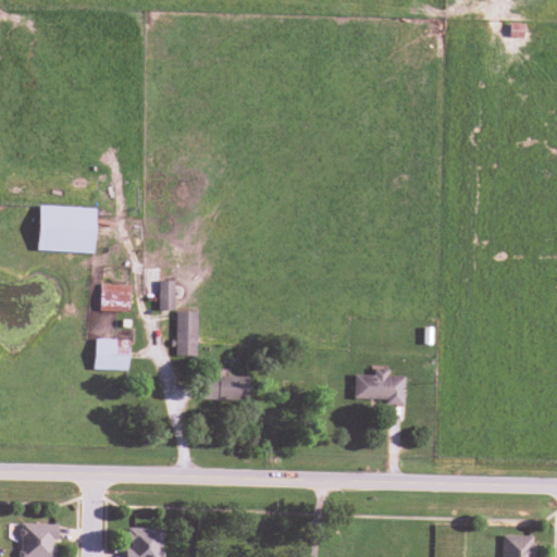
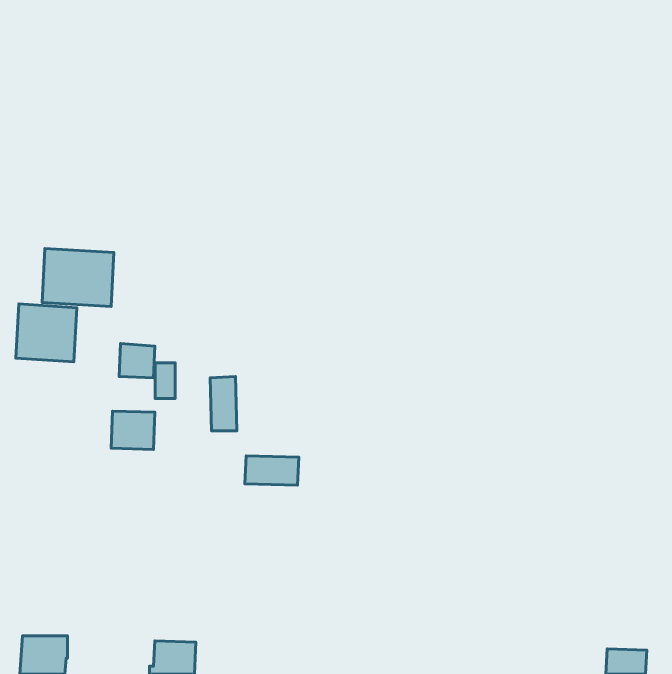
building: none -> [16,304,77,362]
building: [159,280,175,309] -> [155,363,175,399]
building: [355,367,405,405] -> none

